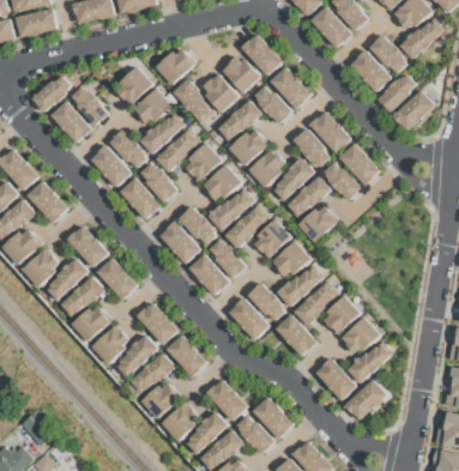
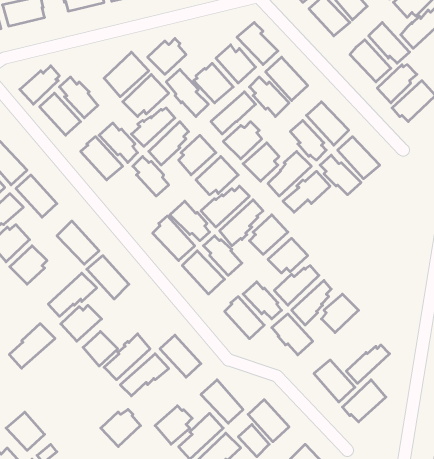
building: [121,179,161,219] -> none
building: [298,206,336,242] -> none
building: [46,259,90,302] -> [9,324,55,368]
building: [138,302,179,344] -> none
building: [340,315,381,352] -> none
building: [143,384,181,419] -> [101,409,141,447]

